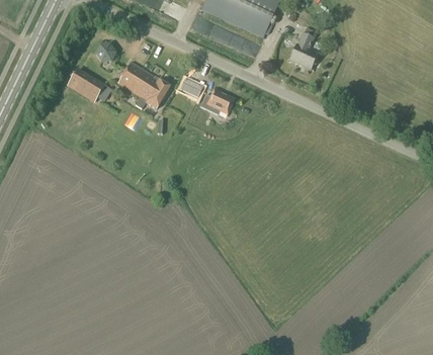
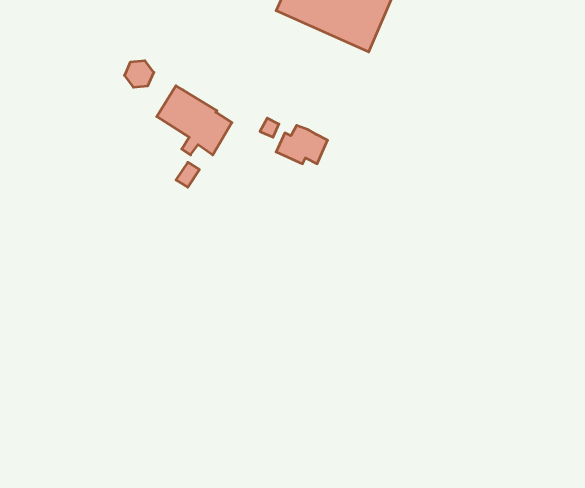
building: [289,30,317,68] -> none
building: [67,67,111,101] -> none

